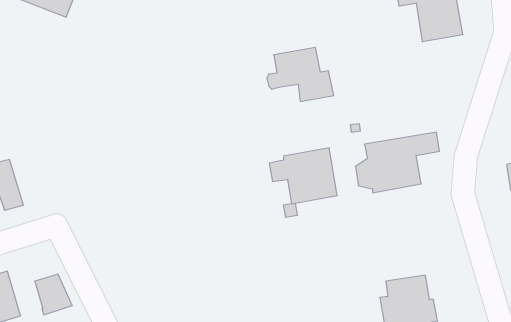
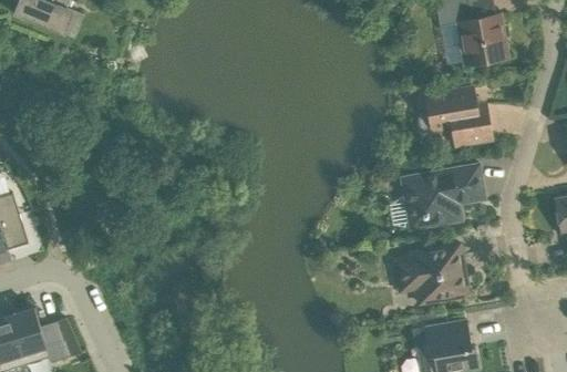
building: [267,48,334,101] -> [417,87,491,146]
building: [269,148,337,204] -> [394,244,468,304]
building: none -> [10,308,49,364]

